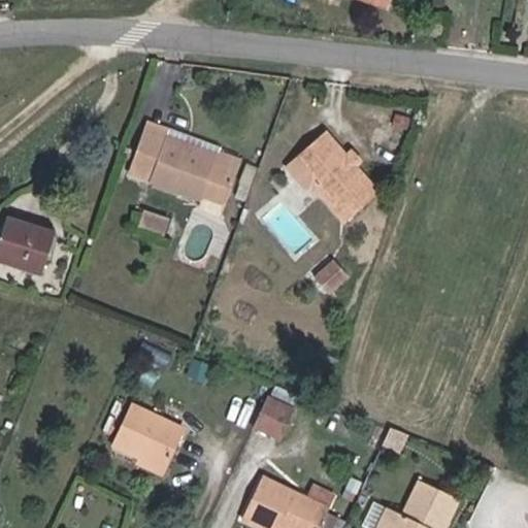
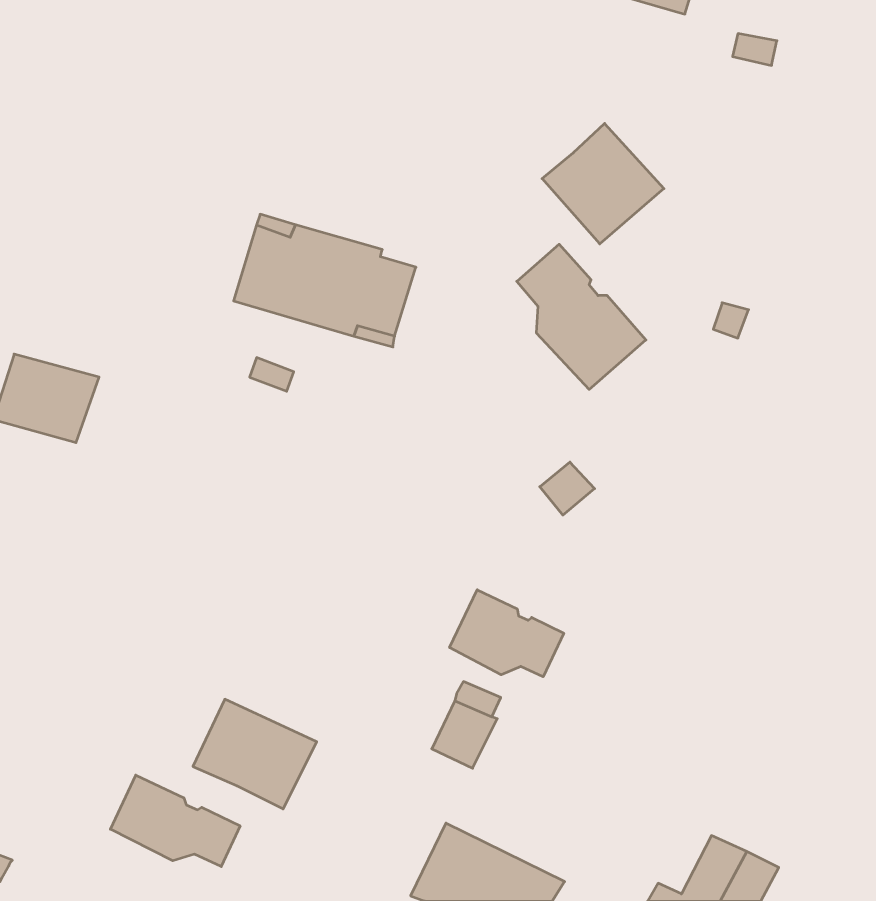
building: none -> [542,123,664,244]
building: none -> [450,590,564,677]
building: none -> [110,775,240,867]

